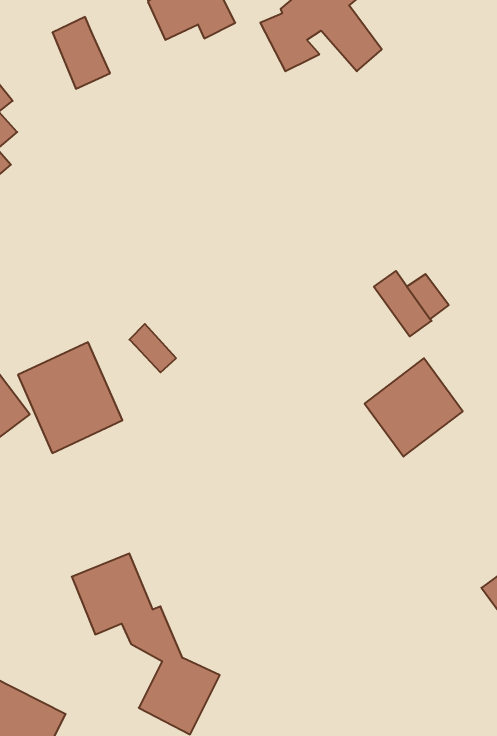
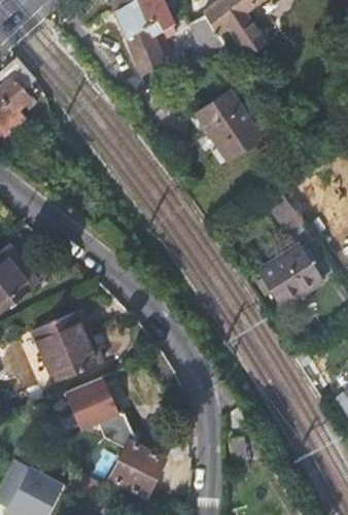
building: [52,17,110,89] -> [127,26,165,73]
building: none -> [188,92,259,164]
building: [18,342,122,453] -> [33,308,102,381]

